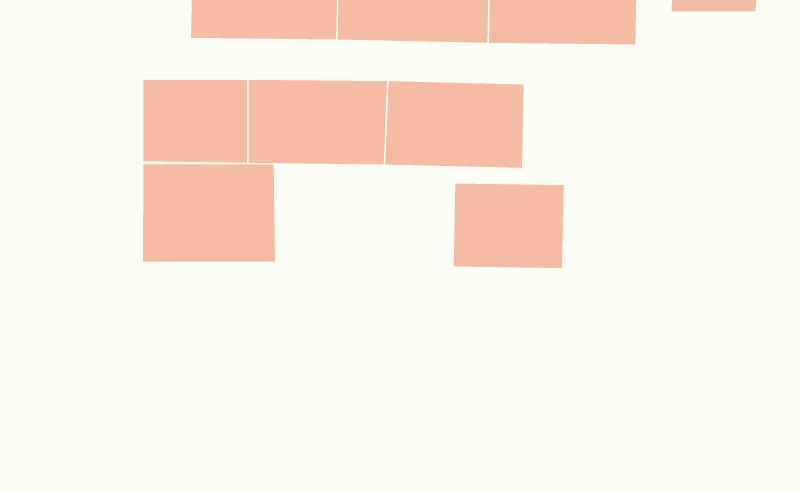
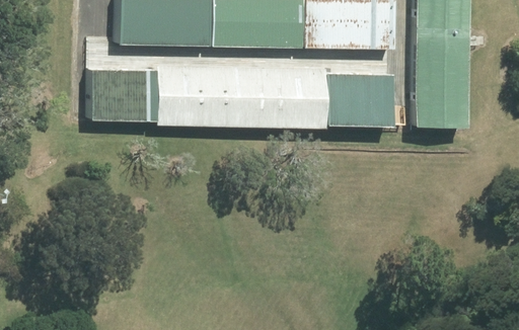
building: none -> [415,28,468,128]
building: [142,164,276,263] -> none
building: [453,183,565,269] -> [324,73,393,126]

